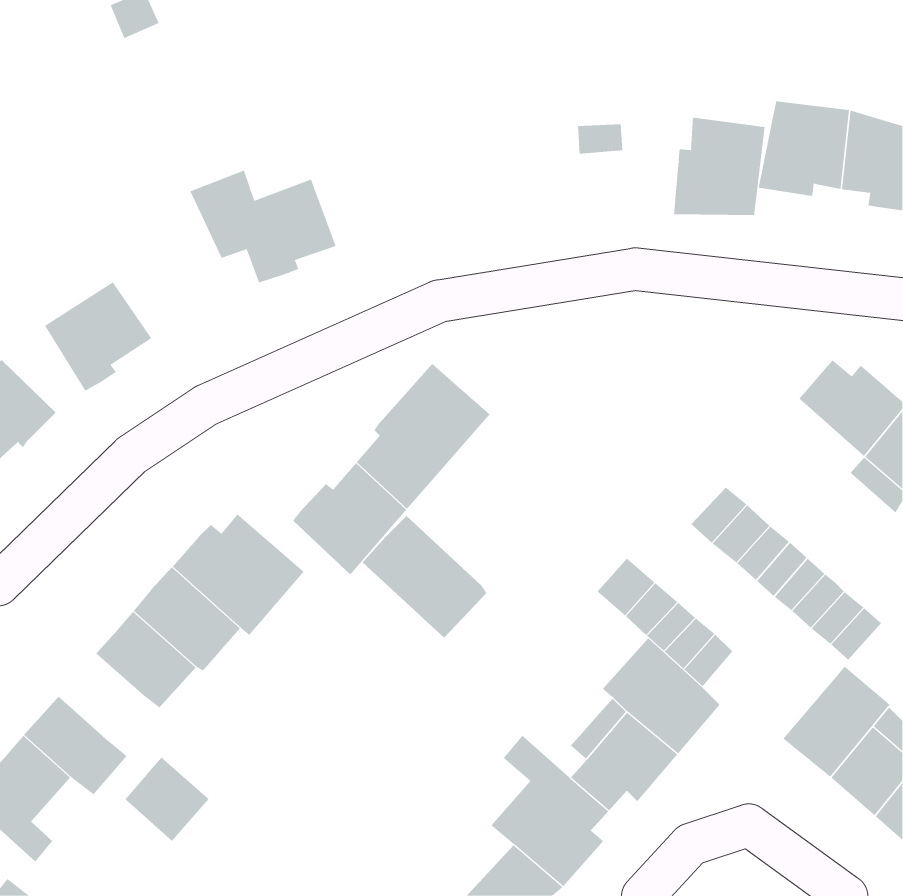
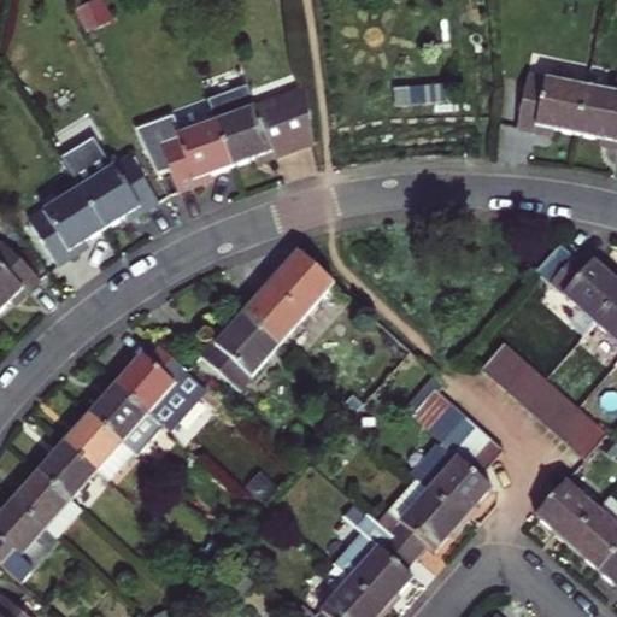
building: [673,117,765,216] -> none
building: none -> [205,86,310,168]
building: none -> [58,140,154,230]
building: [362,515,487,639] -> none
building: [124,757,209,842] -> [40,445,98,503]

